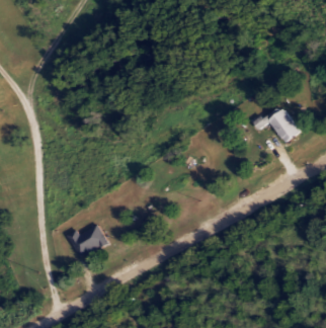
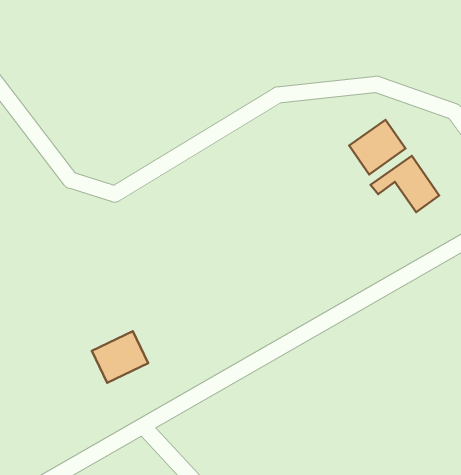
building: none -> [349,120,406,174]

